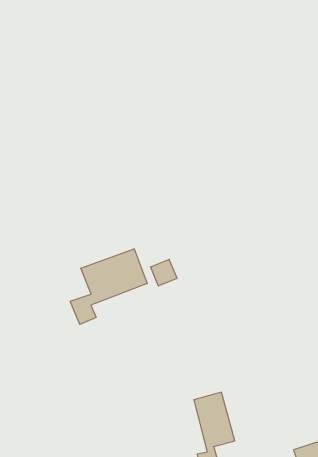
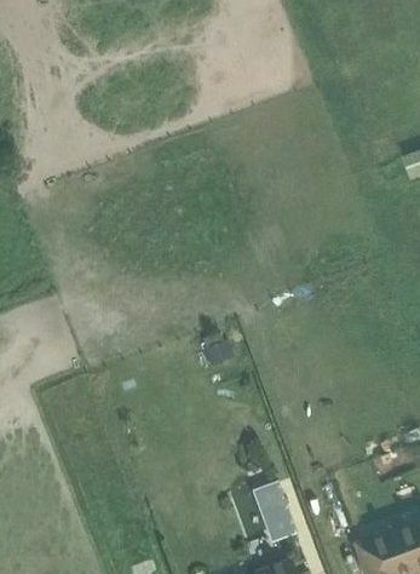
building: [70,249,147,324] -> none

